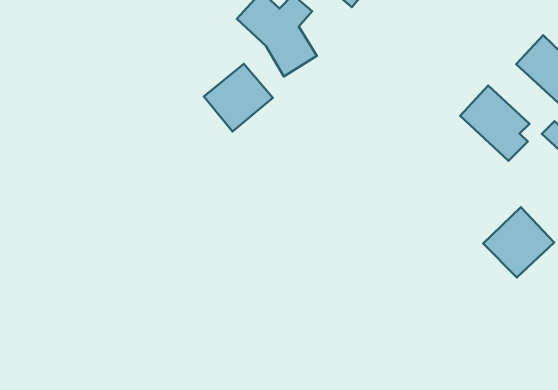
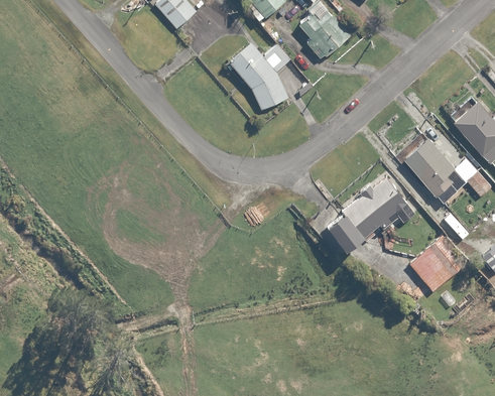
building: [204,64,273,131] -> none
building: none -> [326,178,405,249]

